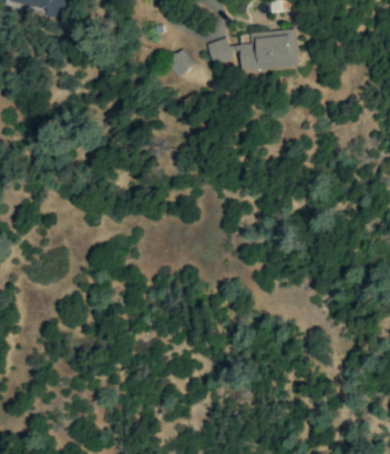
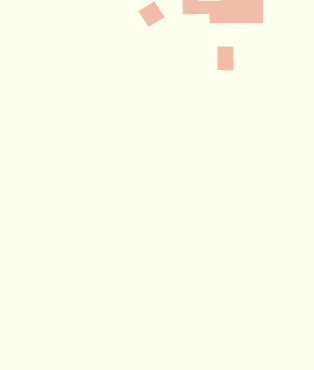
building: none -> [217,46,234,71]

